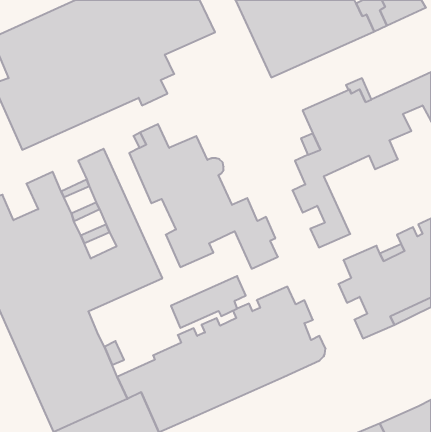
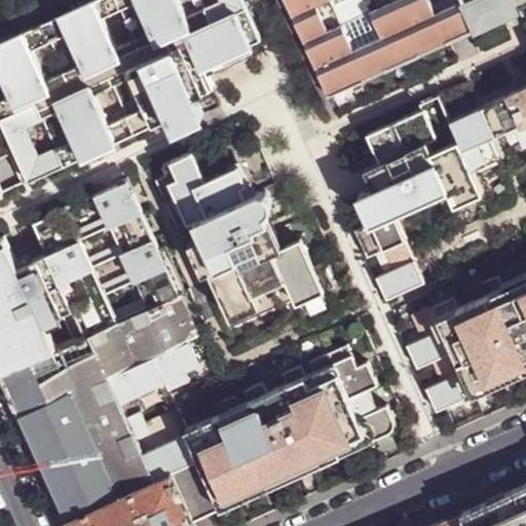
building: [171,276,246,328] -> [108,345,198,408]

